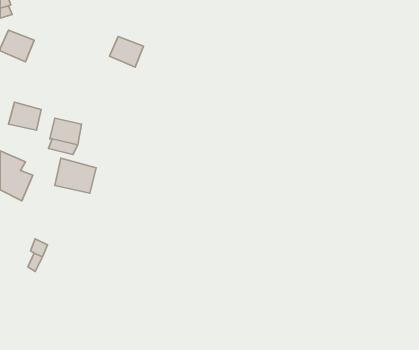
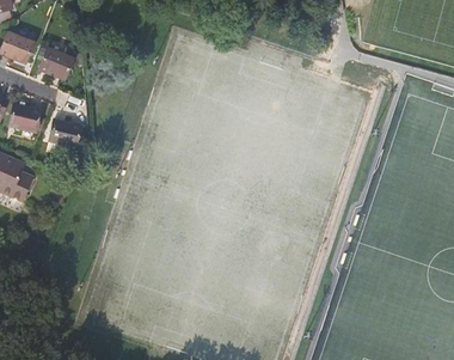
building: [110,37,144,67] -> [39,49,73,79]
building: [55,158,96,193] -> none

